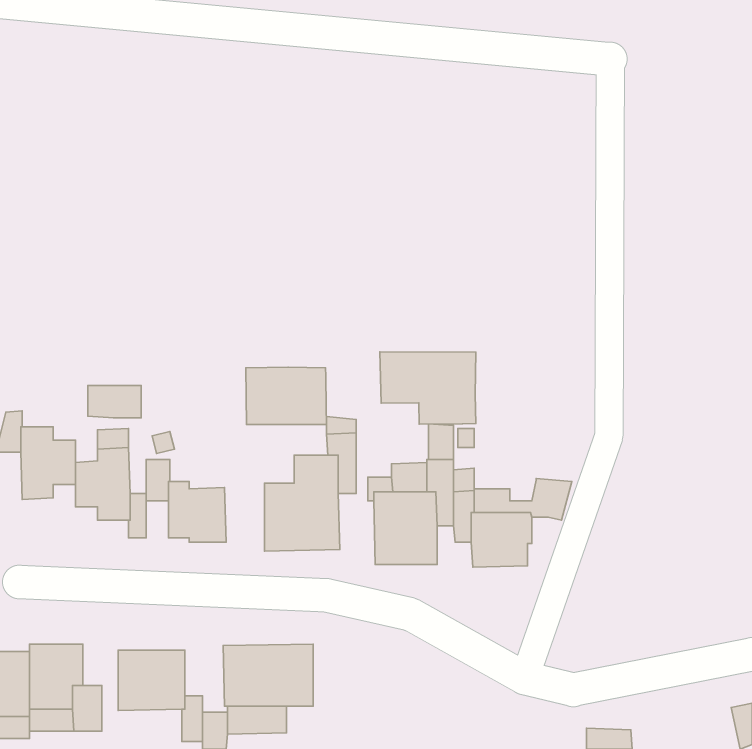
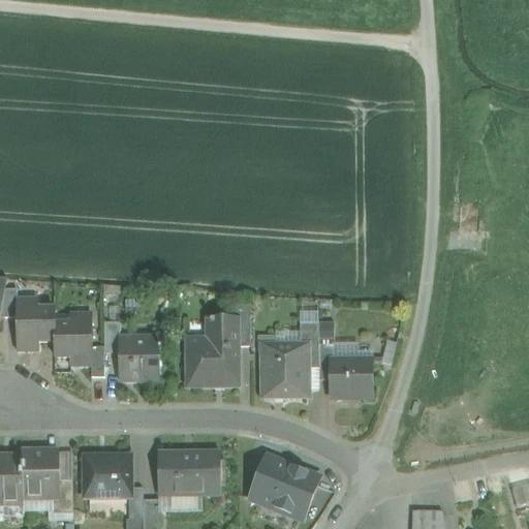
building: [380,352,476,424] -> none
building: [246,367,327,425] -> none
building: [88,385,141,418] -> none
building: none -> [249,458,318,517]

